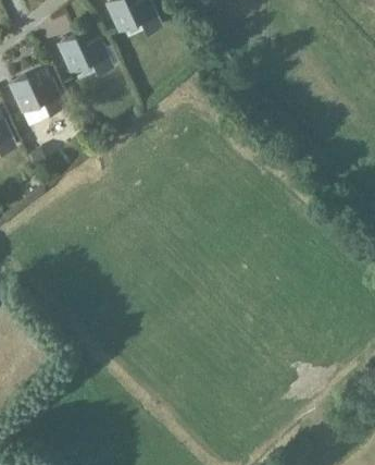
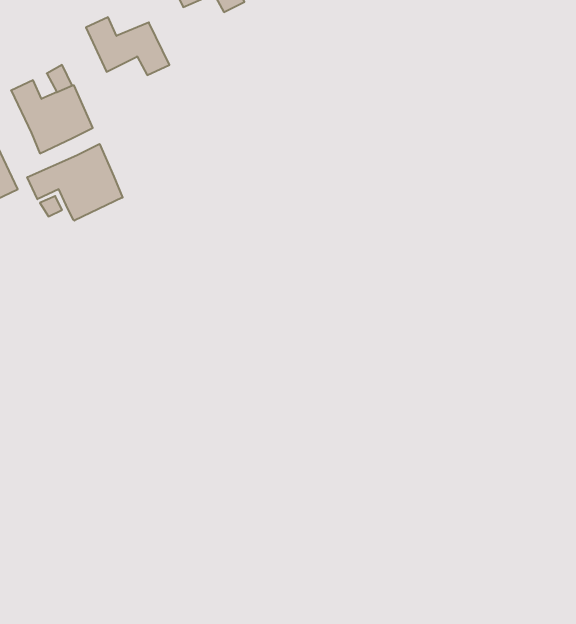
building: none -> [27,144,123,221]

